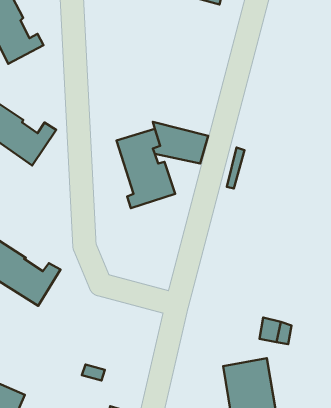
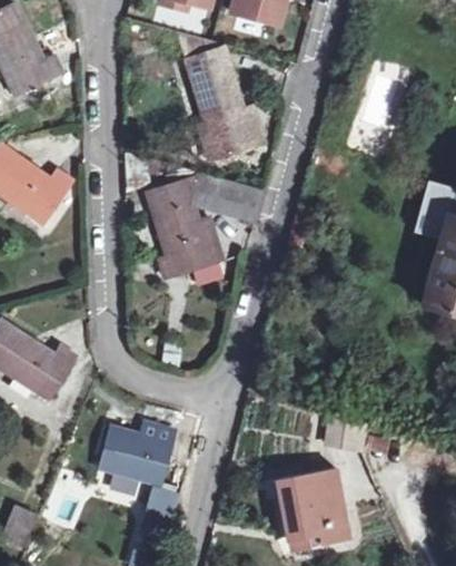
building: none -> [177,31,267,160]
building: none -> [103,426,177,486]

